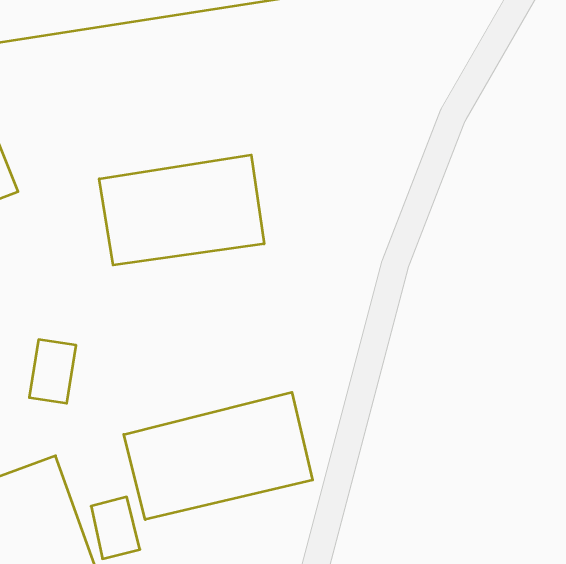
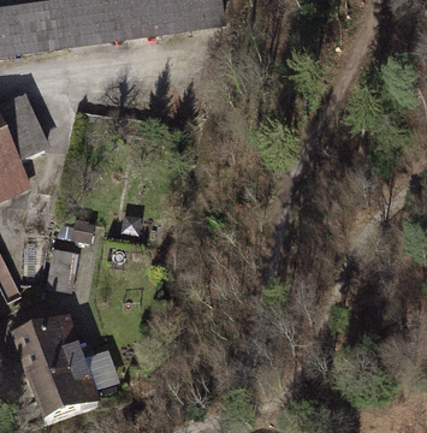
building: [99,155,264,265] -> none
building: [124,392,313,520] -> none

